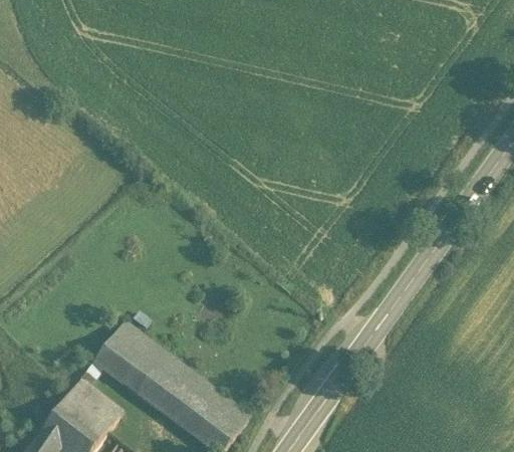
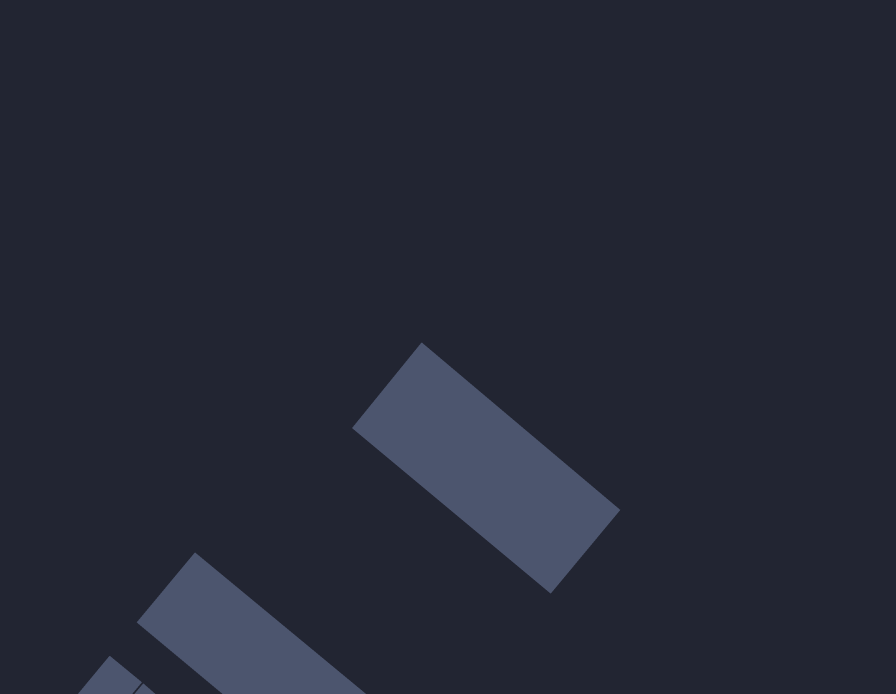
building: none -> [351,341,622,595]

